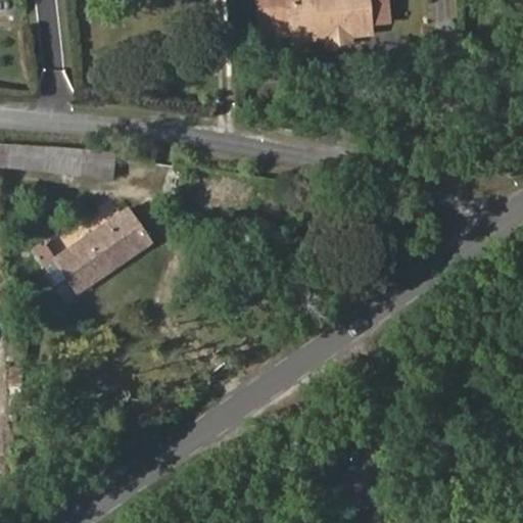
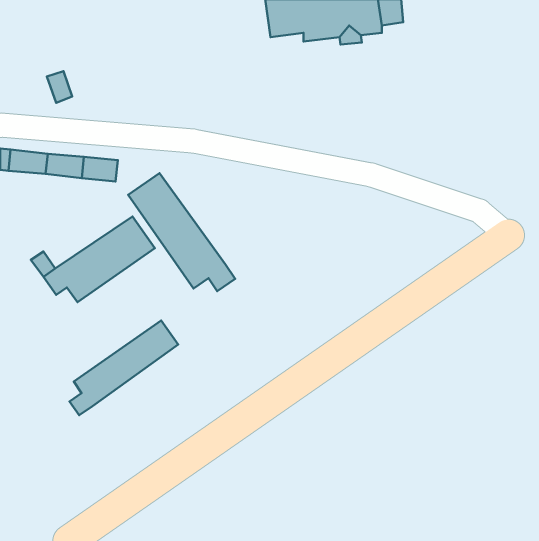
building: none -> [128,173,235,291]
building: none -> [70,320,178,415]

